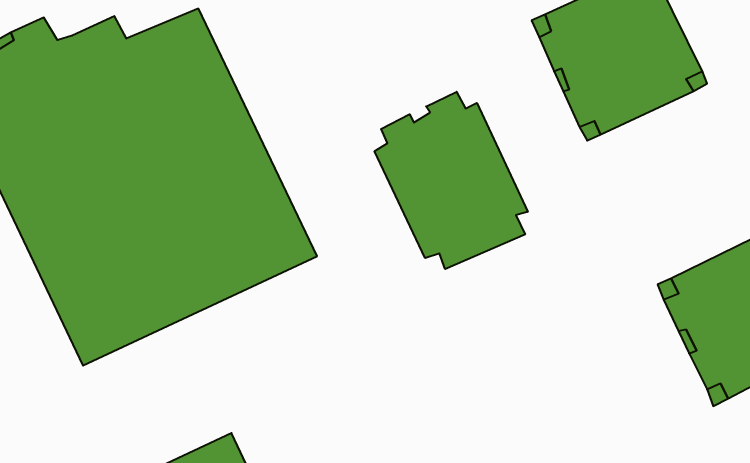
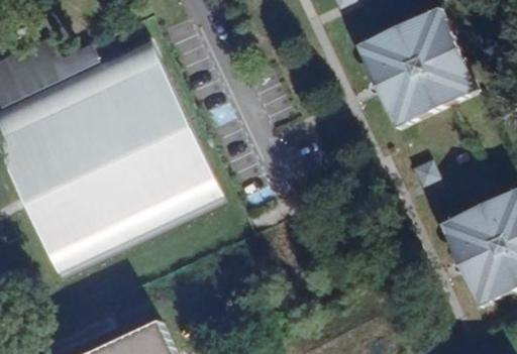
building: [375,92,528,269] -> none

